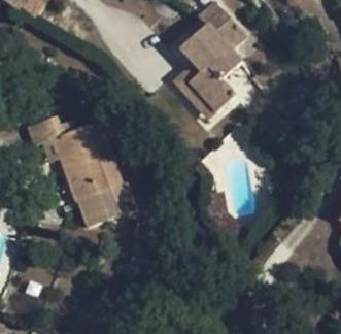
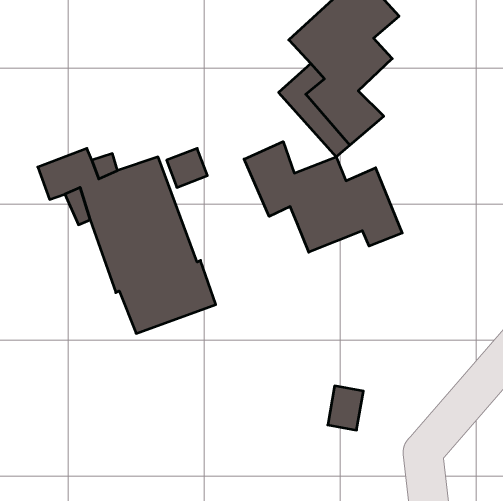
building: none -> [244,142,402,252]

